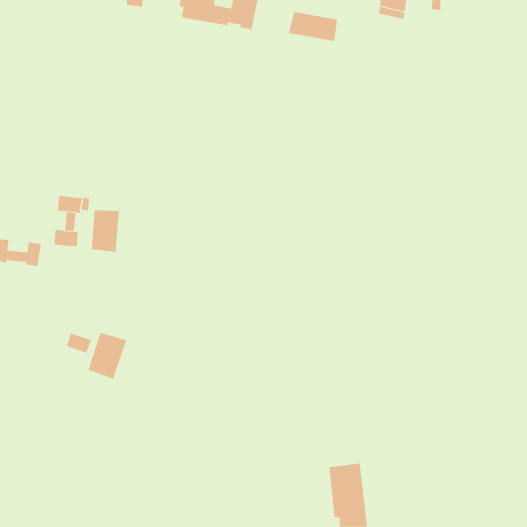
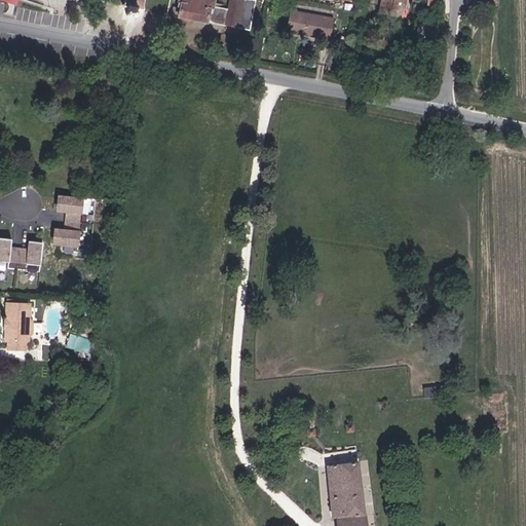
building: [91,210,119,253] -> none
building: none -> [4,301,30,348]
building: [88,332,127,379] -> none

